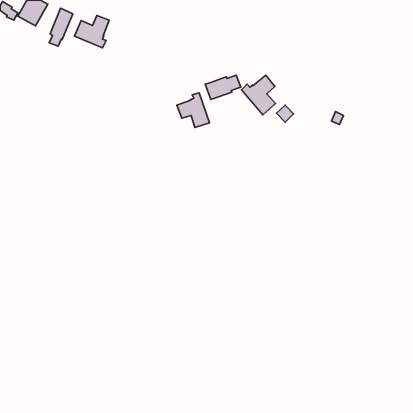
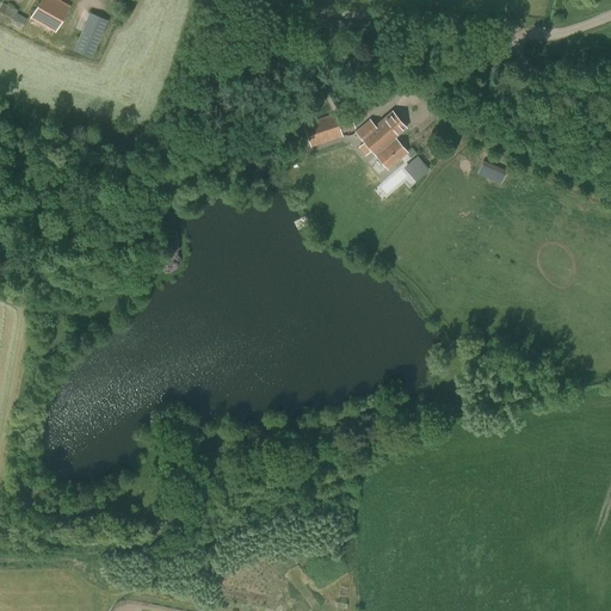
building: [74,16,109,48] -> none
building: [177,93,210,128] -> none

